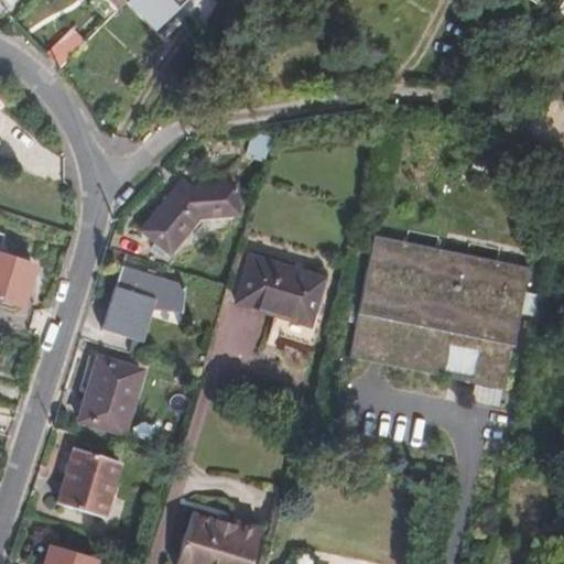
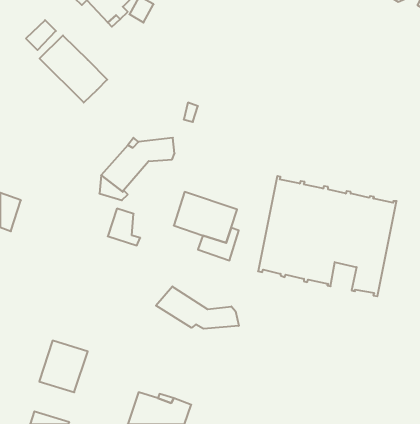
building: none -> [40,35,107,103]
building: [104,263,163,338] -> none
building: [79,355,142,432] -> none
building: none -> [156,286,239,329]

